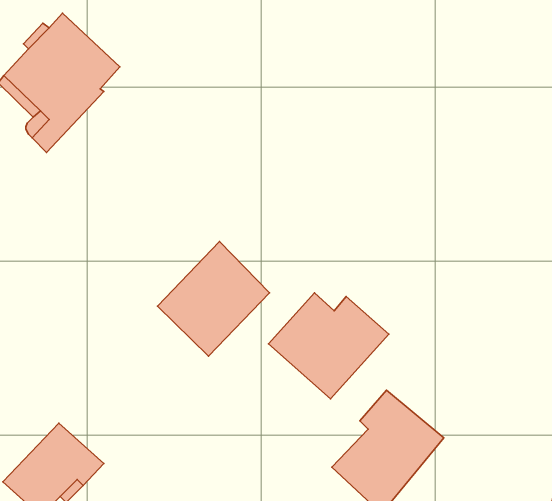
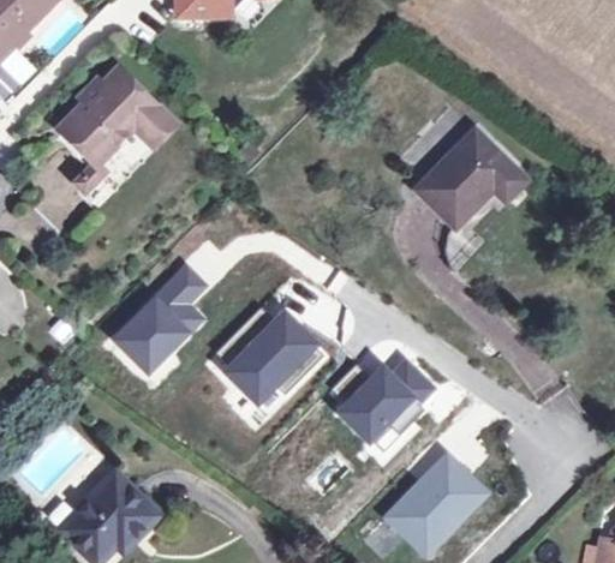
building: none -> [417,131,525,272]
building: none -> [101,250,211,375]

